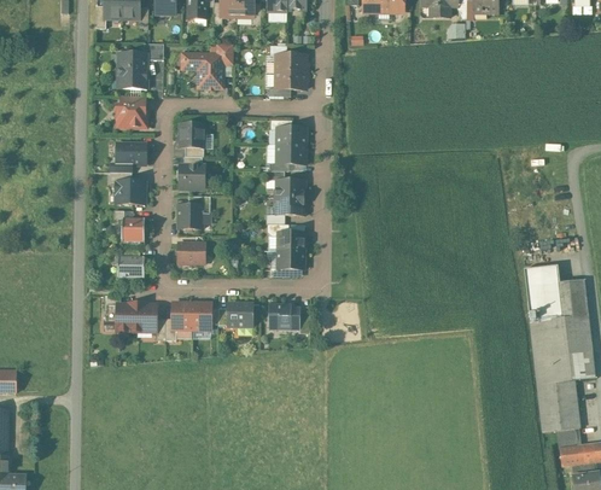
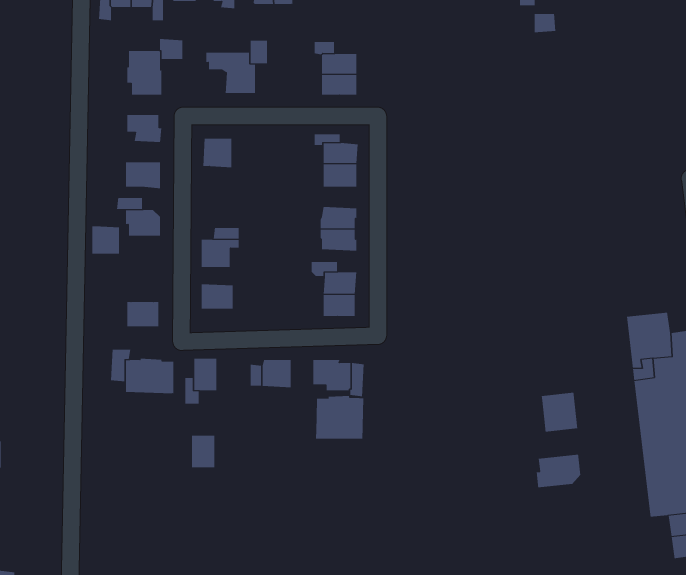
building: [179,165,204,189] -> none
building: [121,218,144,241] -> [91,226,120,254]
building: [191,303,210,329] -> [191,435,215,468]
building: none -> [541,392,578,432]
building: none -> [316,395,364,440]
building: none -> [536,454,581,488]

